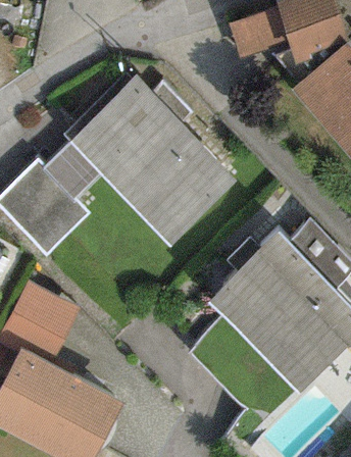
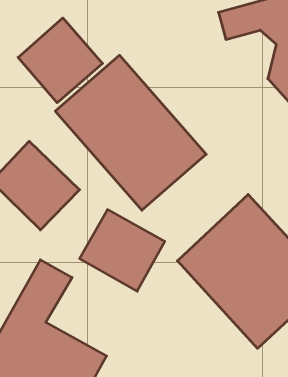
building: none -> [18,18,103,103]
building: none -> [80,210,165,291]

